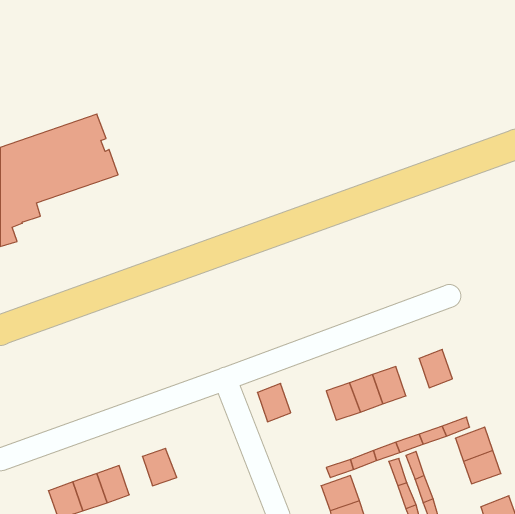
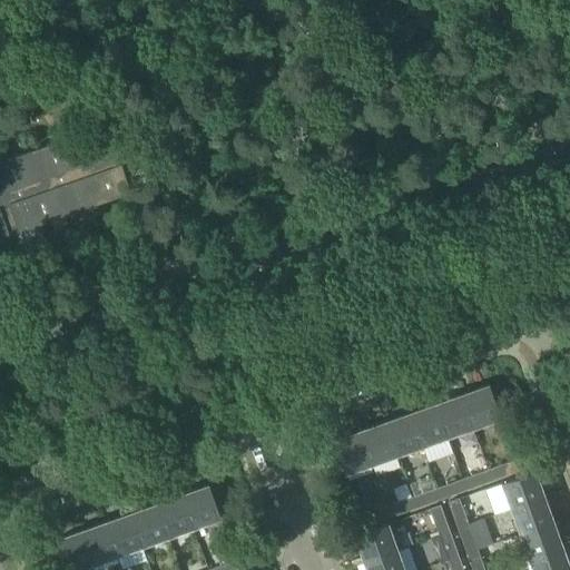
building: none -> [438,397,474,439]
building: [257,383,291,422] -> [335,433,372,475]
building: none -> [184,488,220,529]
building: none -> [132,505,169,548]
building: none -> [521,524,562,561]

